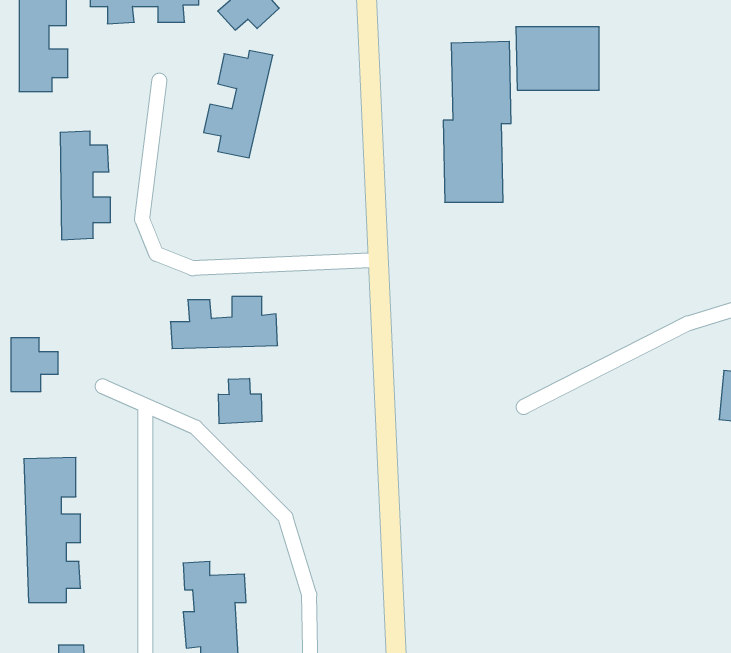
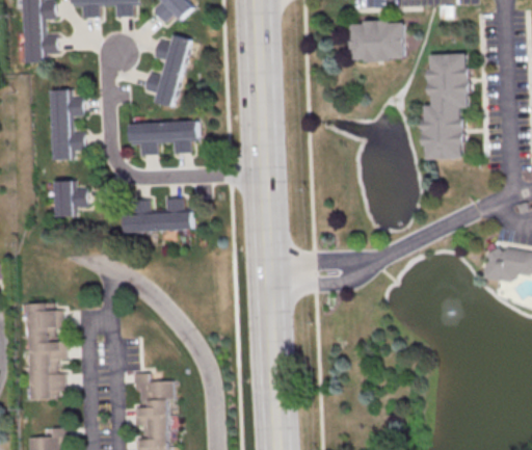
building: [443,41,511,202] -> [424,53,469,159]
building: none -> [128,121,200,155]
building: [11,338,58,391] -> [53,181,84,216]
building: [218,378,262,424] -> none

